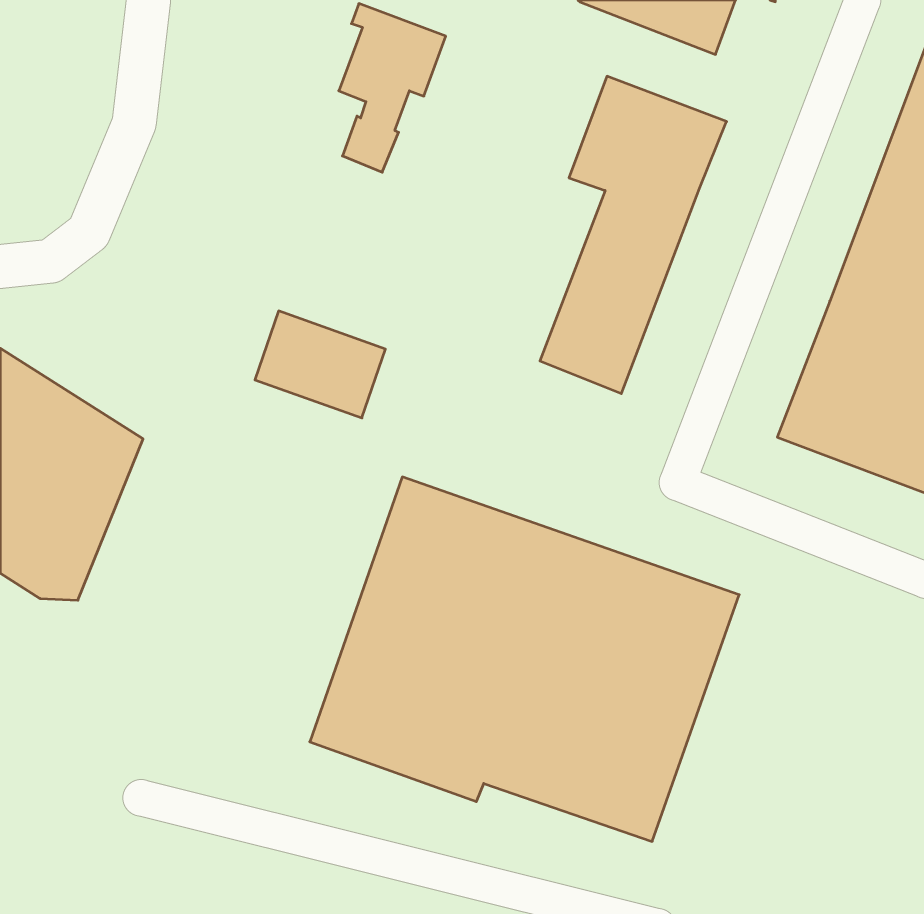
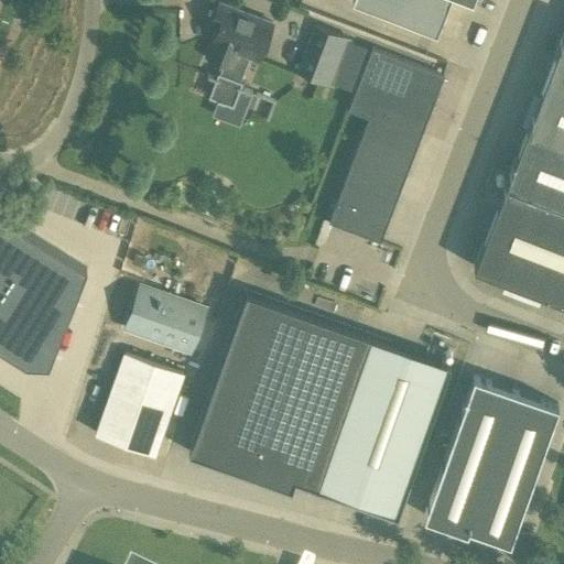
building: none -> [296,30,352,93]
building: [255,311,385,418] -> [126,292,205,357]
building: none -> [96,357,183,460]
building: none -> [424,380,558,546]

